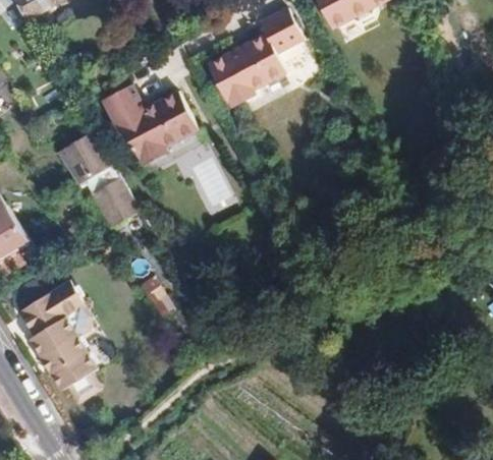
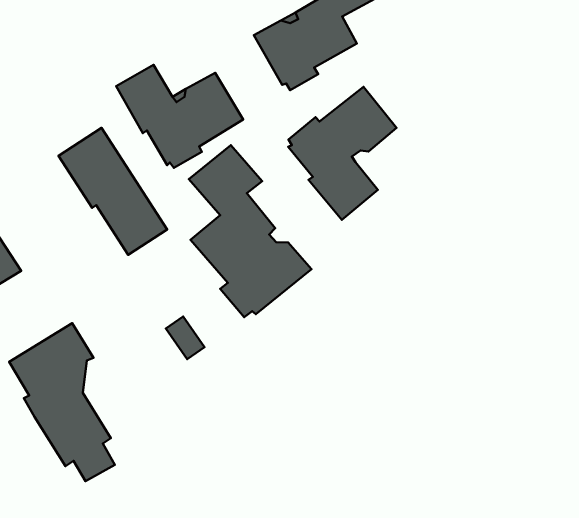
building: none -> [288,87,396,220]
building: none -> [189,145,311,317]

